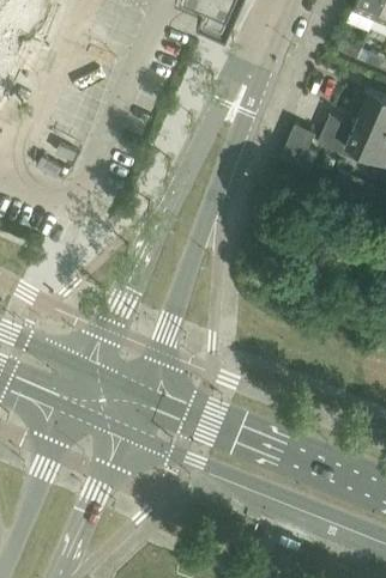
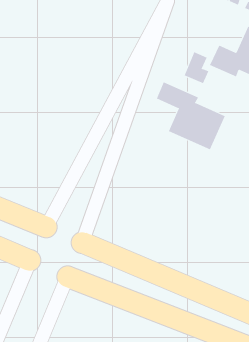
building: none -> [156,81,225,150]

